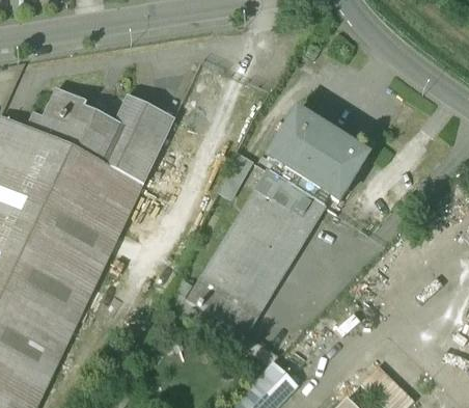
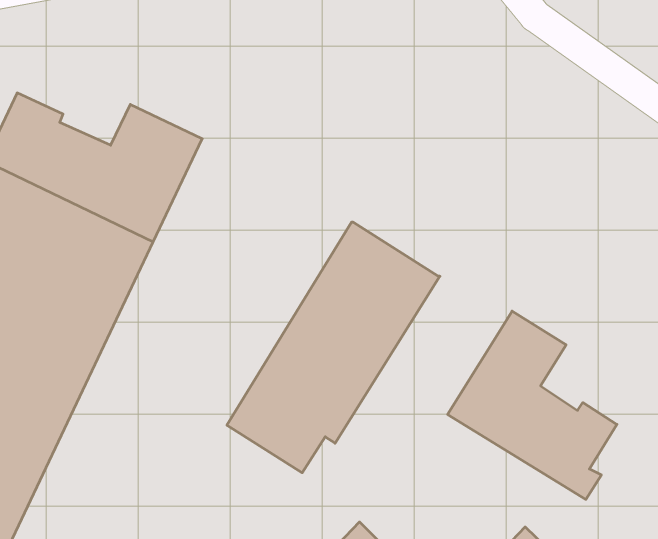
building: [267,110,365,205] -> none
building: none -> [448,311,617,499]

